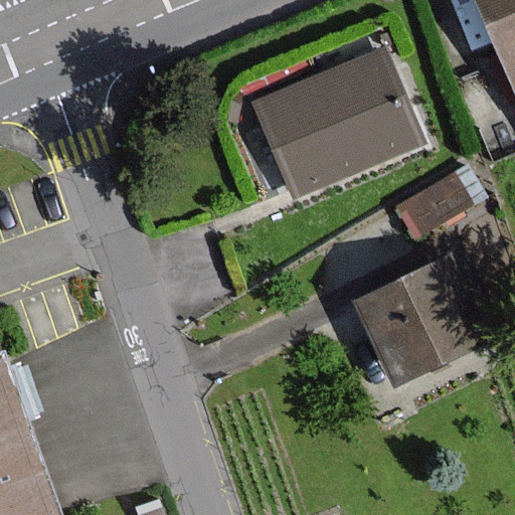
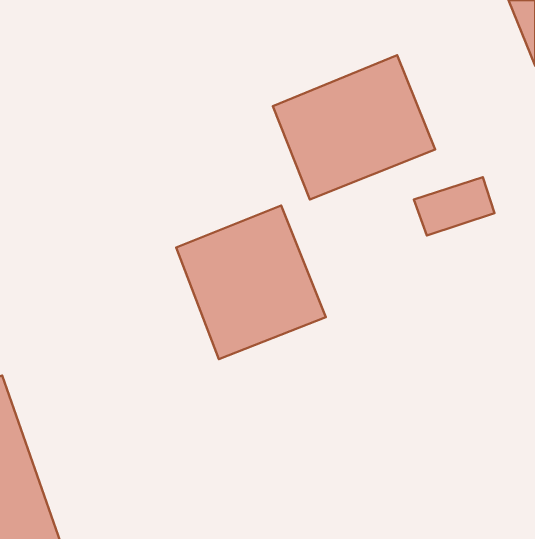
building: none -> [176,205,326,359]
building: [359,259,490,384] -> none

